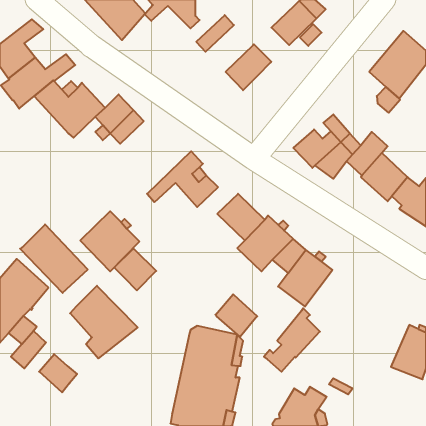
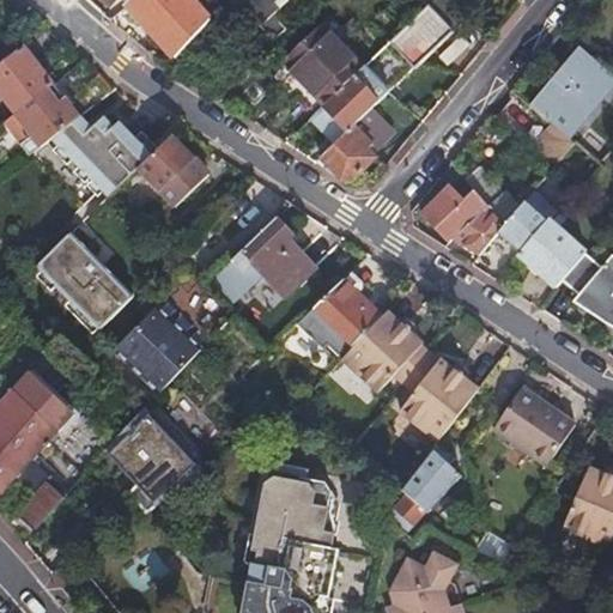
building: none -> [295,36,363,103]
building: none -> [321,108,393,177]
building: [20,224,88,293] -> [35,232,132,330]
building: [114,249,156,290] -> none
building: none -> [492,389,573,467]
building: [215,294,257,337] -> none
building: [39,354,77,392] -> none

